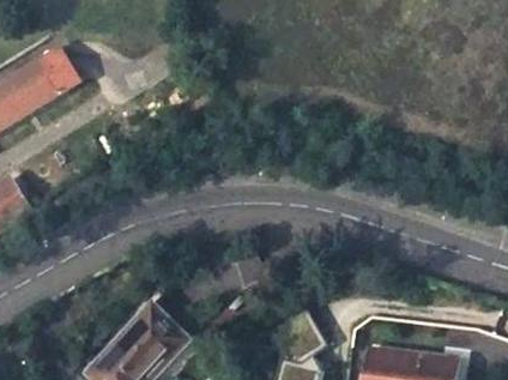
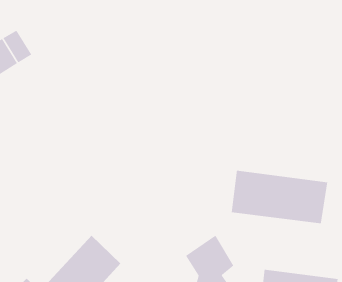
building: none -> [231,170,328,224]

